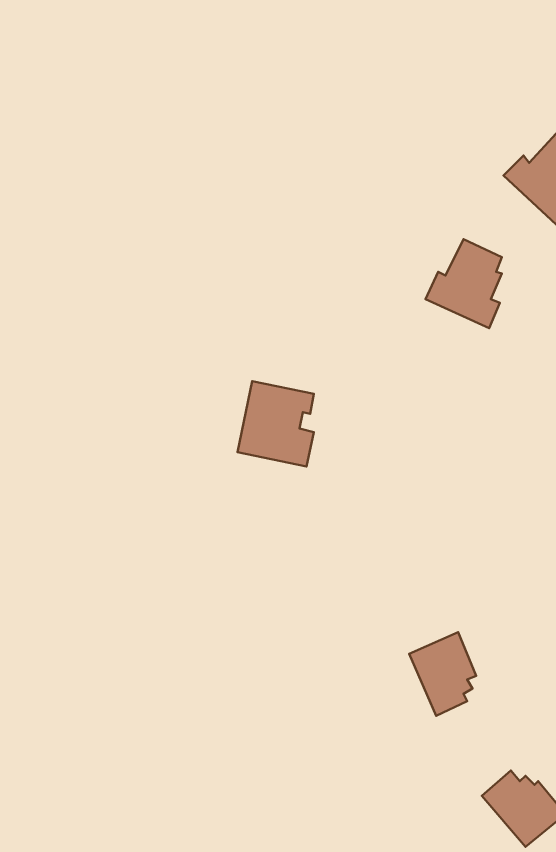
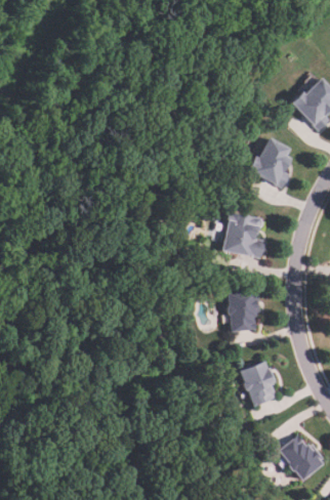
building: [238,381,314,467] -> [221,211,264,259]
building: none -> [228,291,258,333]

